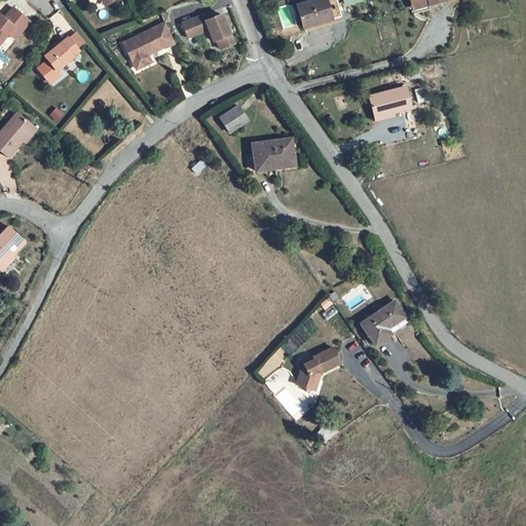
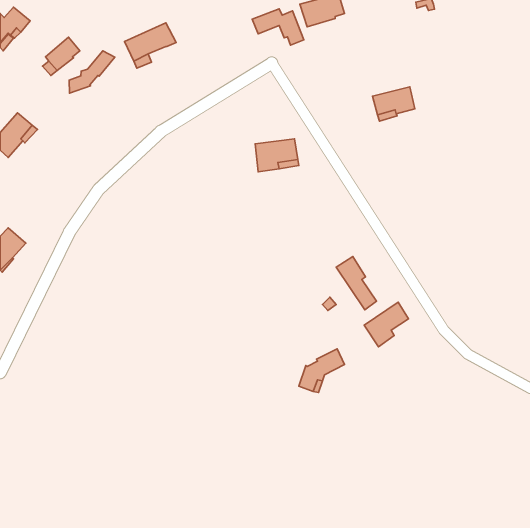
building: [182,12,233,48] -> [252,9,304,45]
building: none -> [69,51,115,93]
building: [220,104,249,132] -> none
building: none -> [336,256,377,310]

